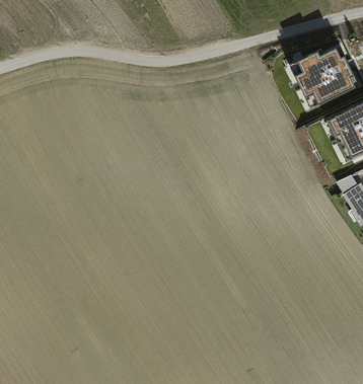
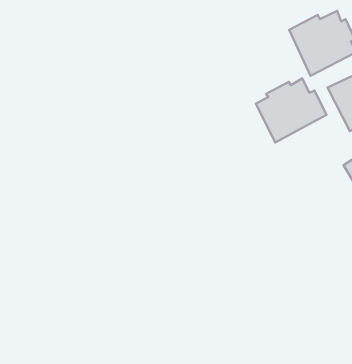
building: none -> [256,79,326,142]

